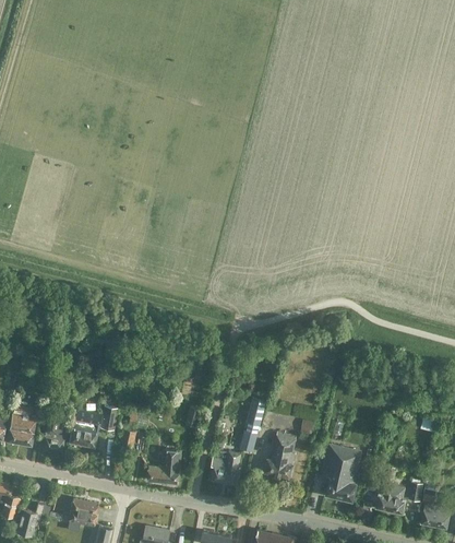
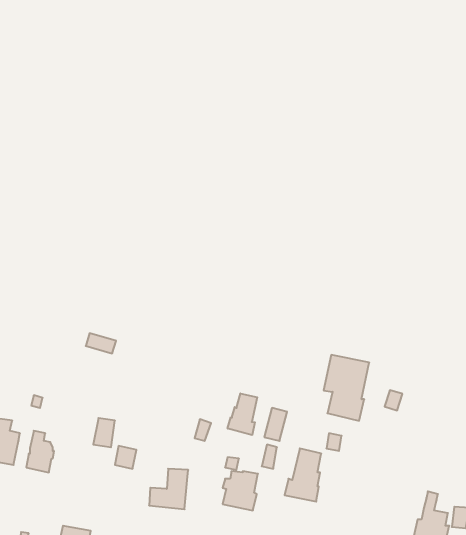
building: none -> [228,393,257,435]
building: [68,409,100,447] -> none
building: [322,445,361,501] -> [324,355,369,421]

